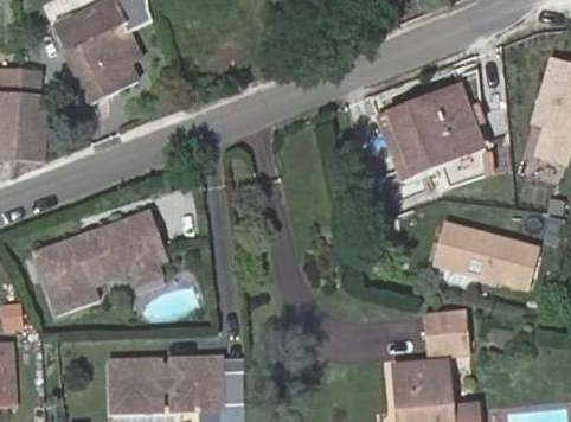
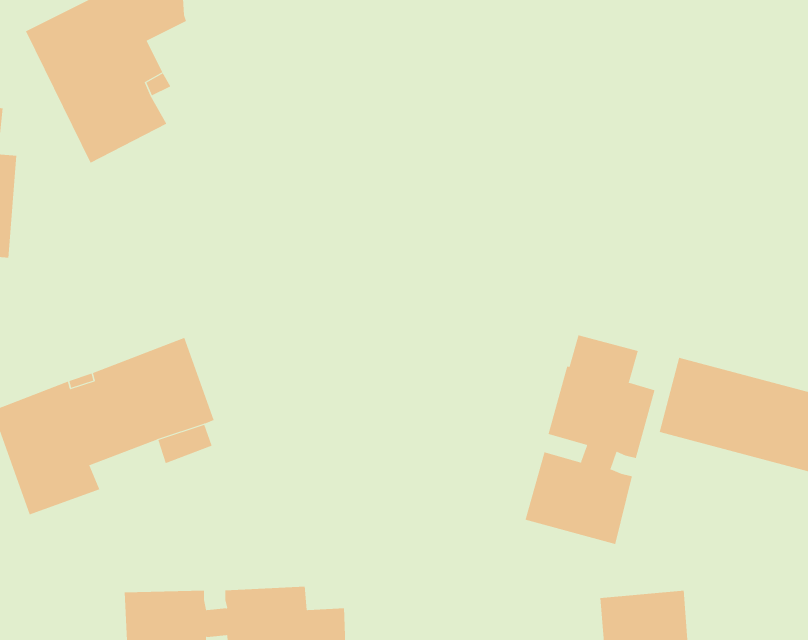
building: [391,85,486,173] -> none
building: none -> [525,334,655,545]
building: [428,312,469,356] -> none

